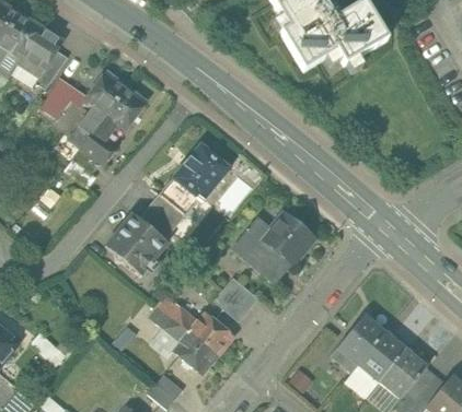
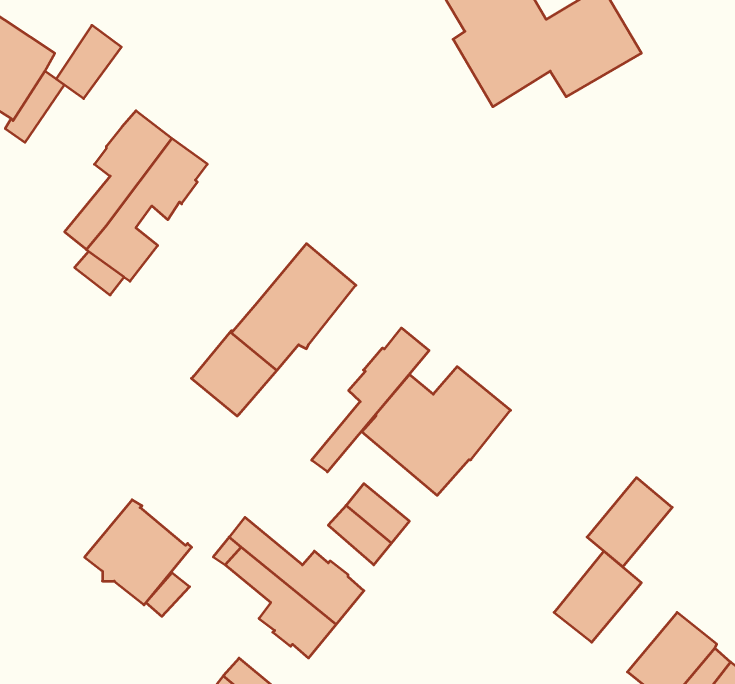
building: [42,76,78,117] -> [56,25,121,99]
building: none -> [312,328,429,472]
building: [107,214,166,272] -> [85,500,192,605]
building: [359,331,406,380] -> [587,478,672,567]

